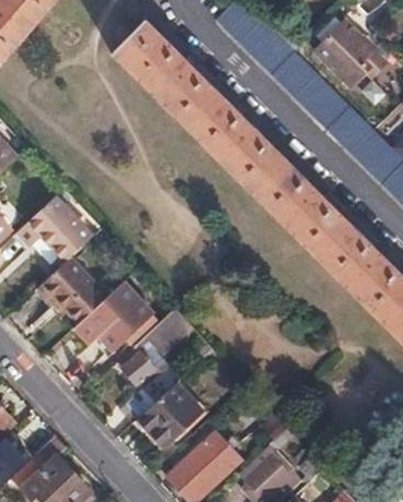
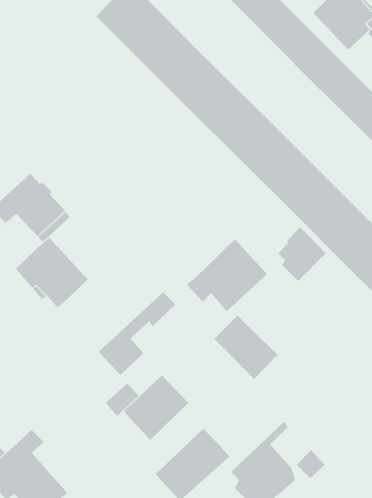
building: none -> [278,227,326,282]
building: [76,283,152,350] -> [186,239,268,312]
building: none -> [213,315,278,380]

